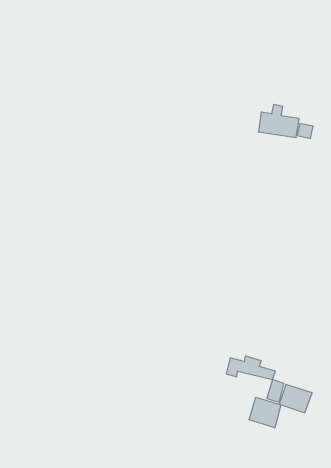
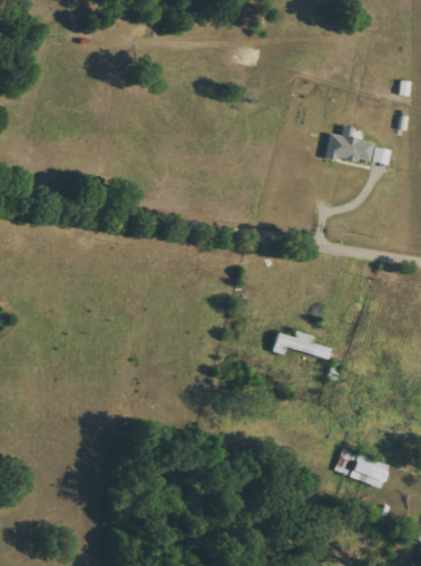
building: [226,356,275,380] -> [272,331,330,359]
building: [249,397,281,428] -> none

